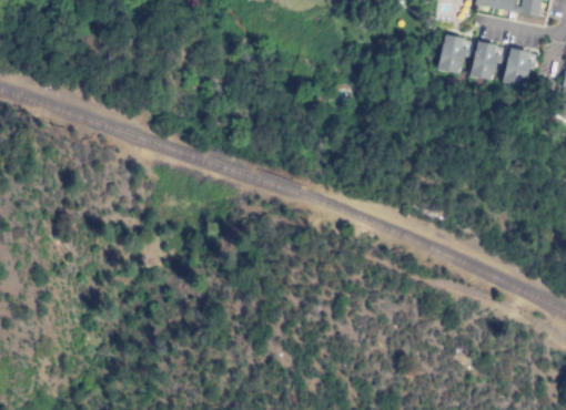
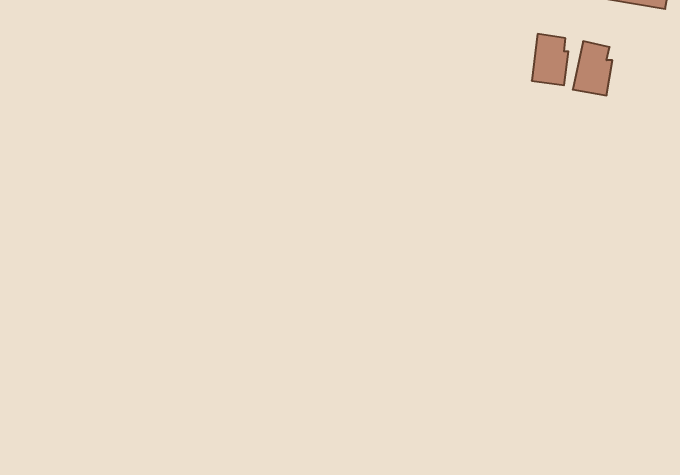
building: [503,48,537,89] -> none

